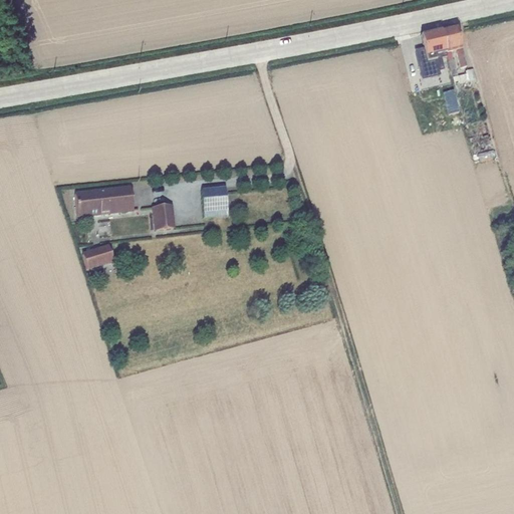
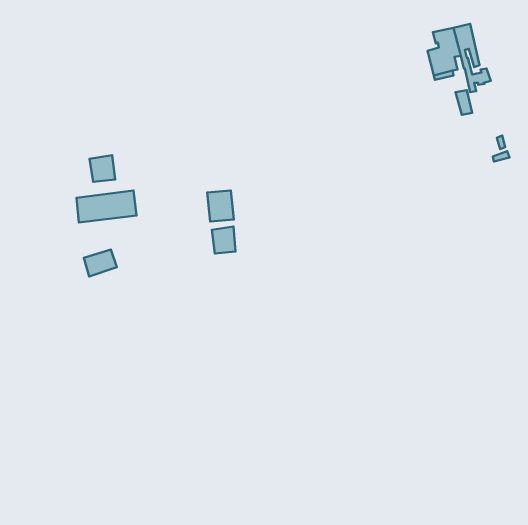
building: none -> [89,155,115,182]
building: [152,202,175,228] -> [212,227,236,254]

